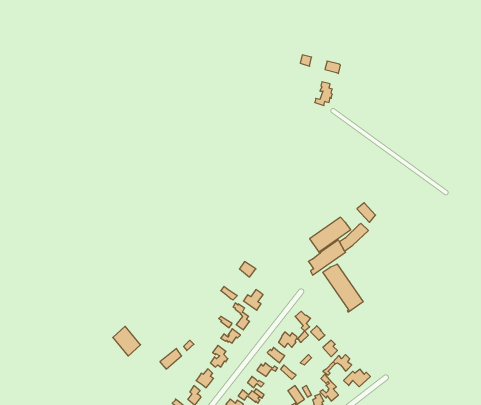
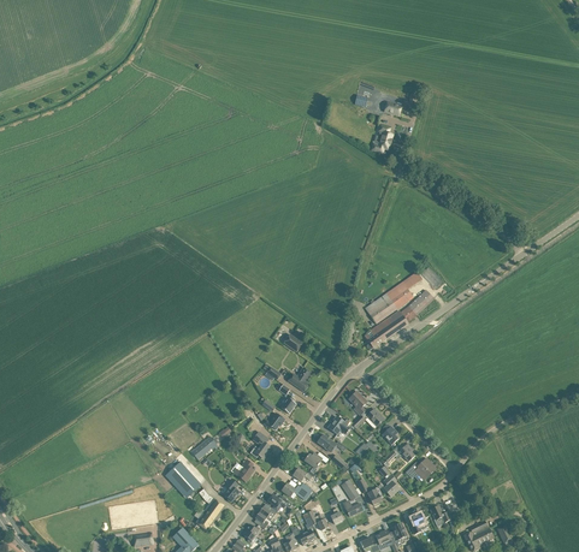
building: [323,264,363,312] -> none
building: [113,326,141,356] -> [167,461,200,495]

